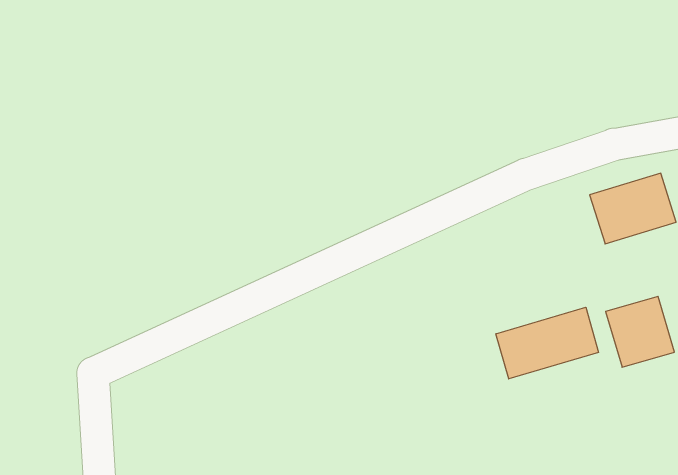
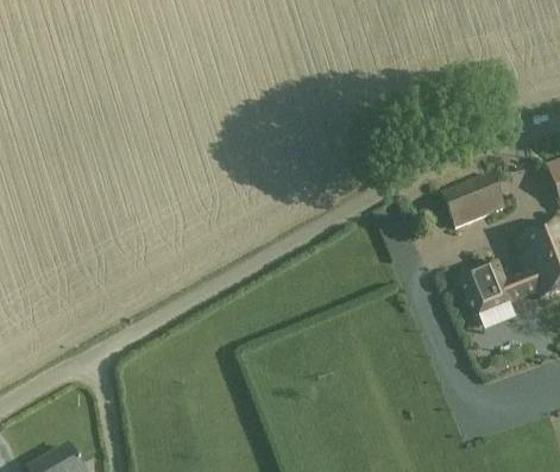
building: [496,307,599,379] -> none

